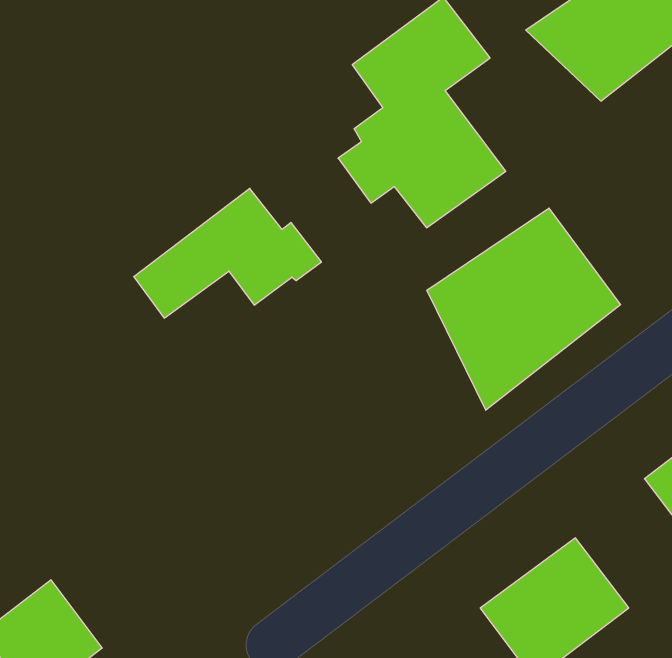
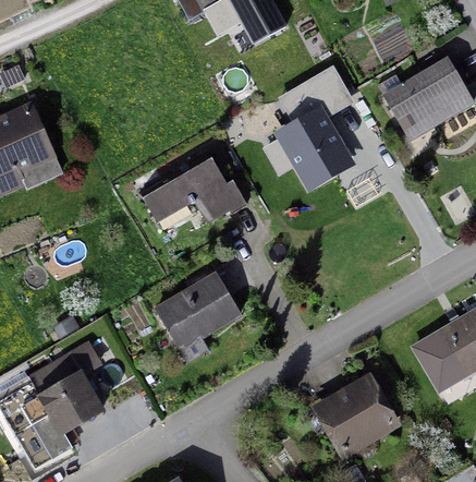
building: [427,208,621,410] -> none
building: none -> [154,270,240,348]

